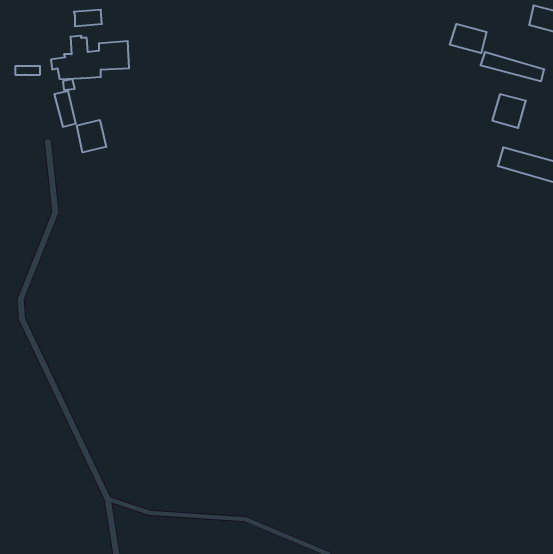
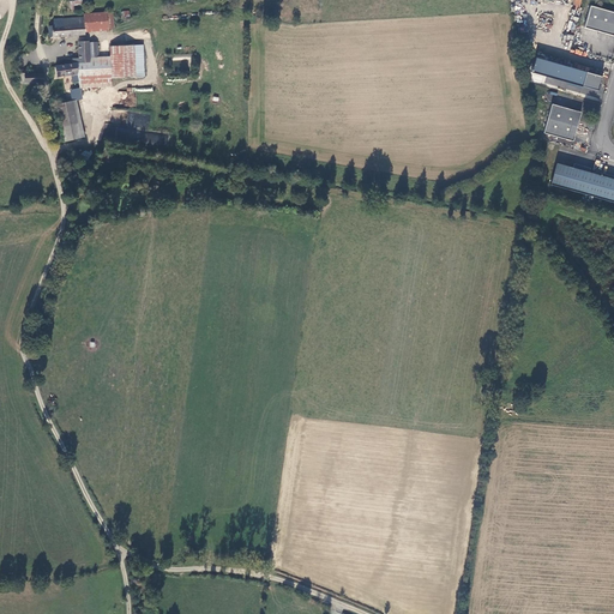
building: none -> [49,17,85,37]
building: [450,24,487,53] -> none
building: [77,120,106,152] -> none

